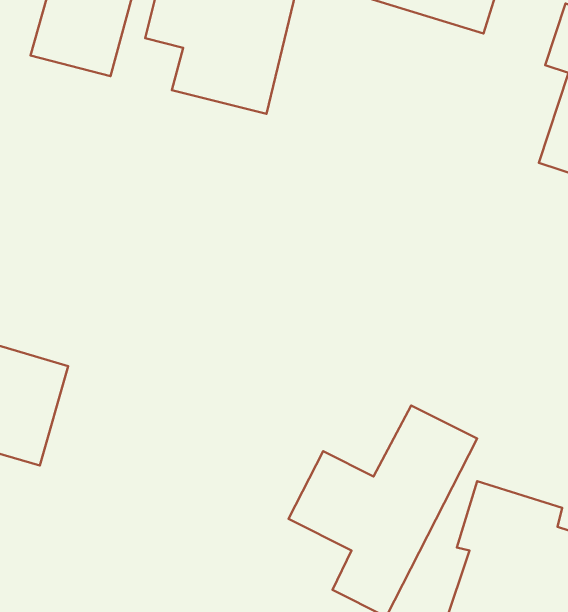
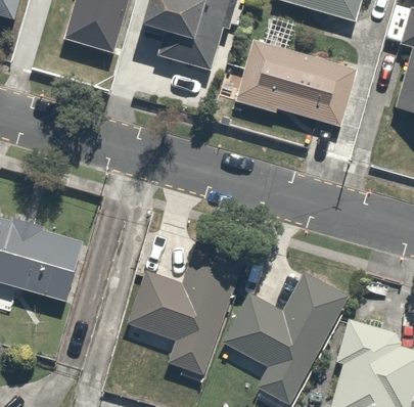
building: none -> [230,35,359,125]
building: none -> [130,248,242,376]

